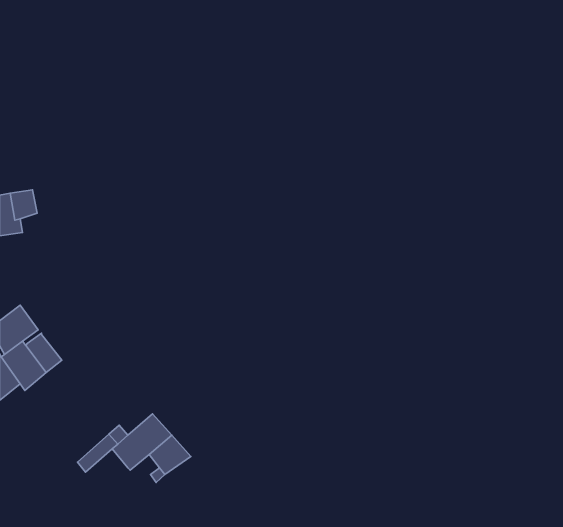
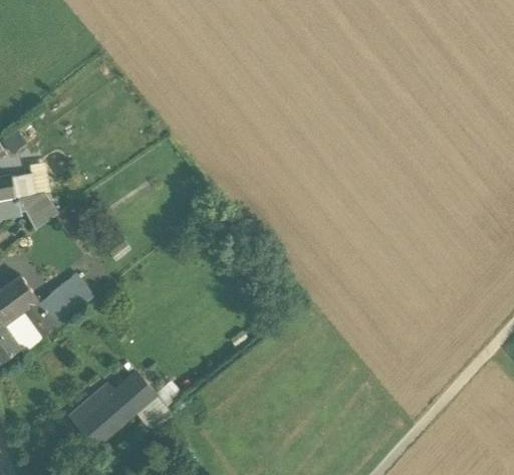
building: none -> [19,192,58,228]
building: none -> [38,273,92,324]
building: none -> [77,404,115,441]

